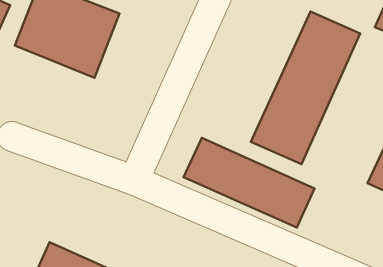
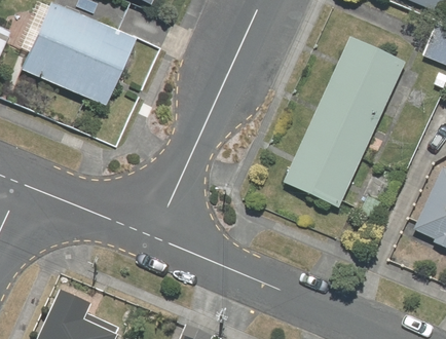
building: [184,138,315,227] -> none

